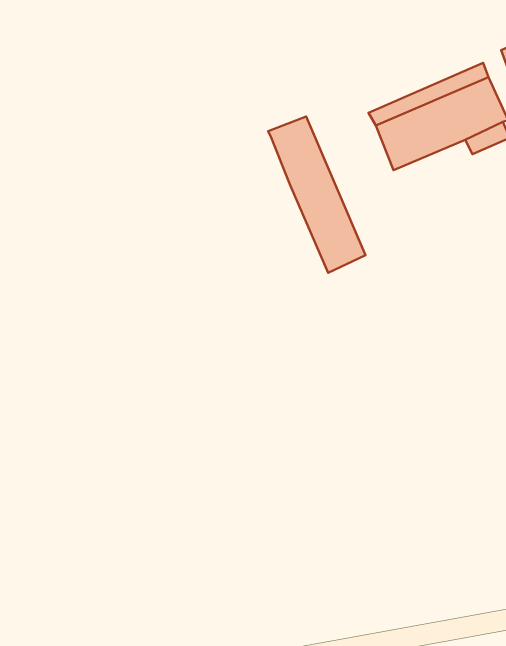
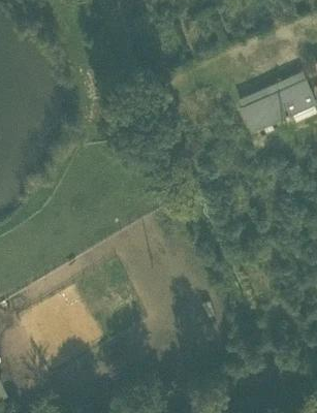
building: [268,117,366,273] -> none

